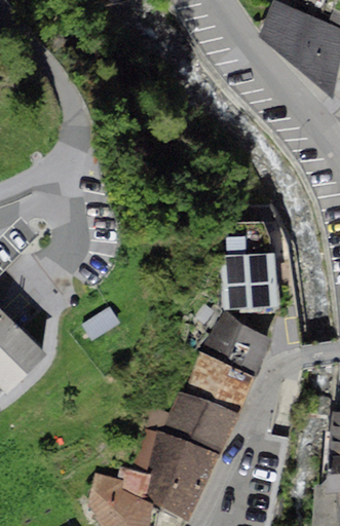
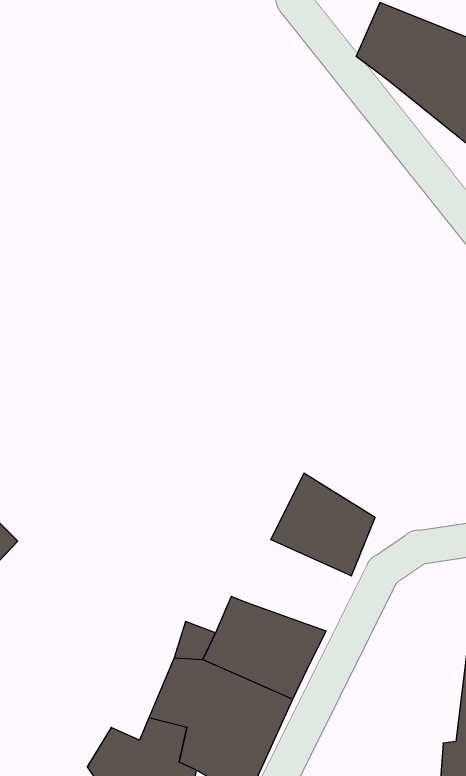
building: [225,237,278,307] -> none
building: [188,351,256,412] -> none

